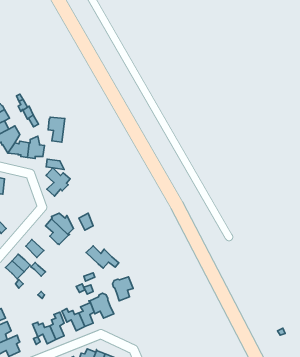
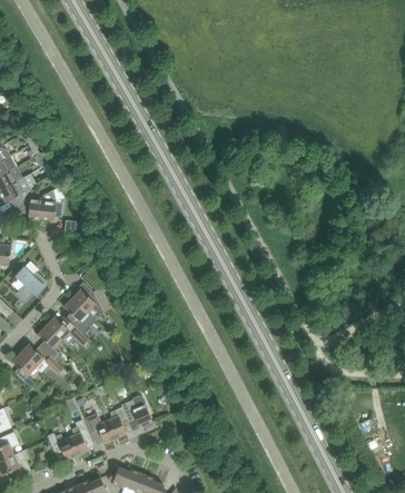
building: [48,117,65,142] -> none
building: [46,168,70,196] -> [14,266,46,303]
building: [86,246,119,268] -> [46,316,88,345]
building: [113,277,133,301] -> none

